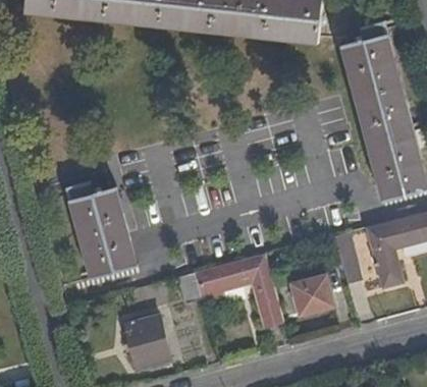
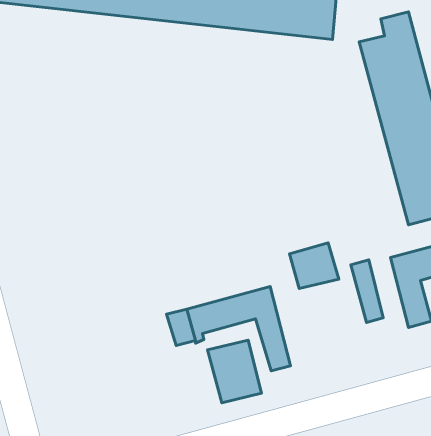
building: [65,181,136,278] -> none
building: [292,275,334,314] -> [290,243,339,289]
building: [125,316,171,369] -> [207,340,262,403]

